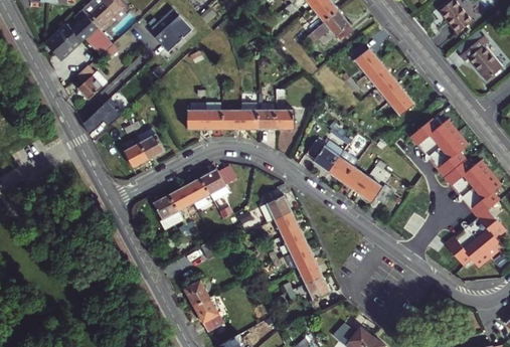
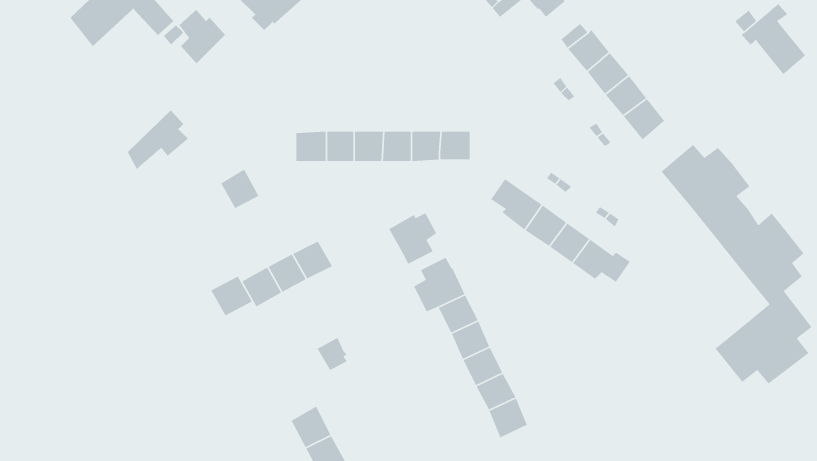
building: [76,65,106,100] -> [178,9,226,64]
building: [123,143,149,168] -> [210,276,253,316]
building: [200,168,230,200] -> [388,212,437,265]

